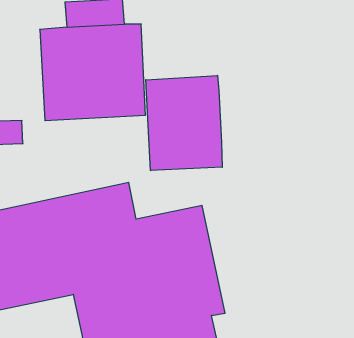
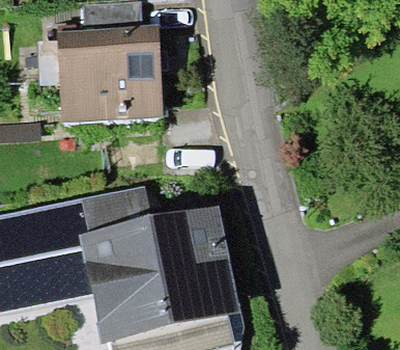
building: [146,75,222,171] -> none

